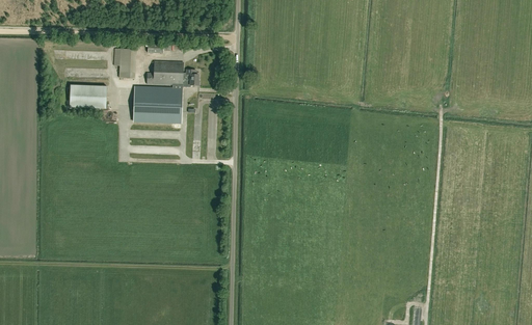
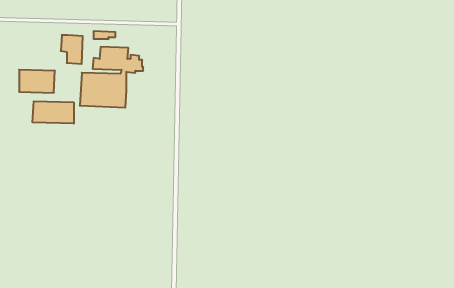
building: none -> [32,101,74,124]

